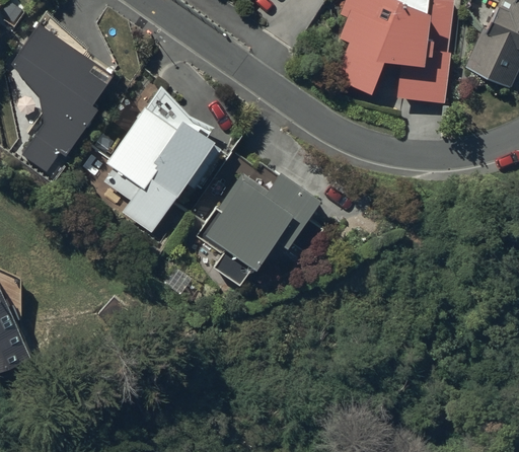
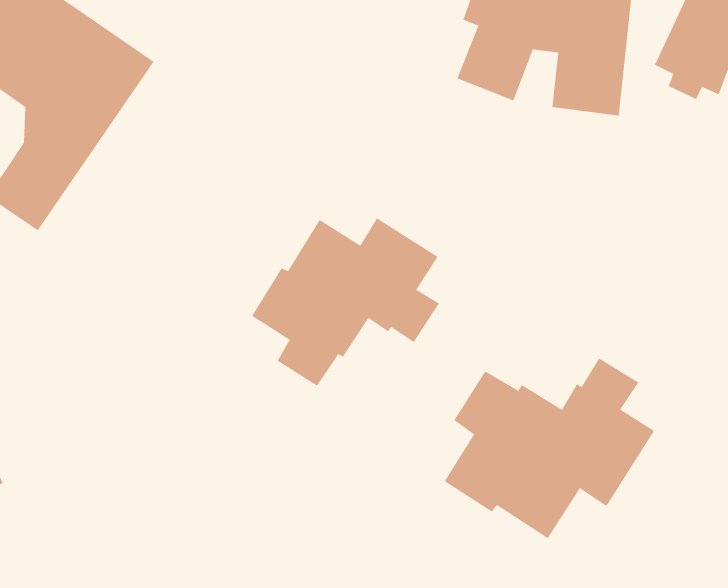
building: [103,85,221,235] -> none
building: none -> [444,358,655,539]

